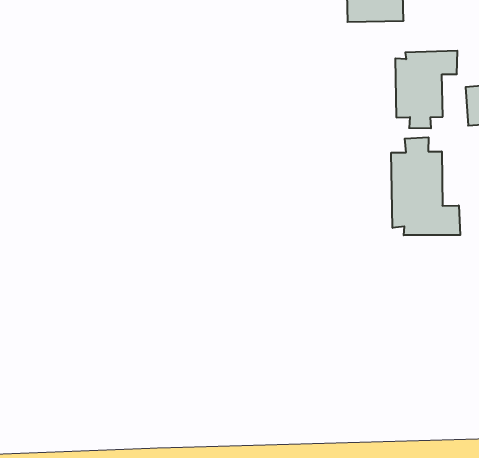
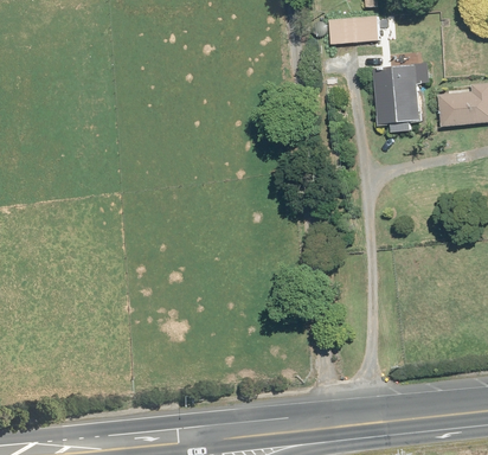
building: [391,137,460,235] -> none

